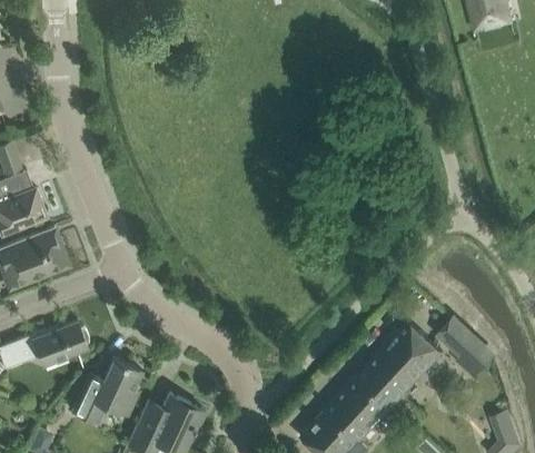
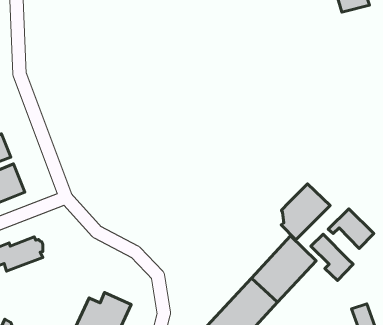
building: none -> [281,184,330,240]
building: none -> [328,209,374,249]
building: [71,357,141,424] -> none

